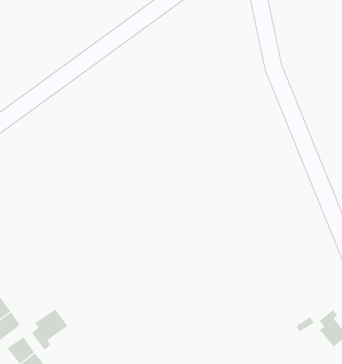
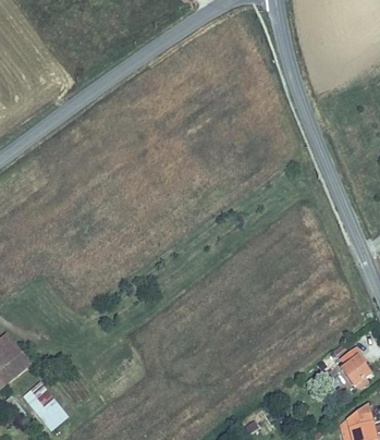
building: [31,309,68,351] -> none

